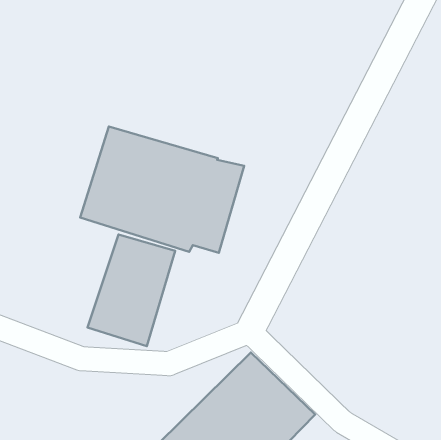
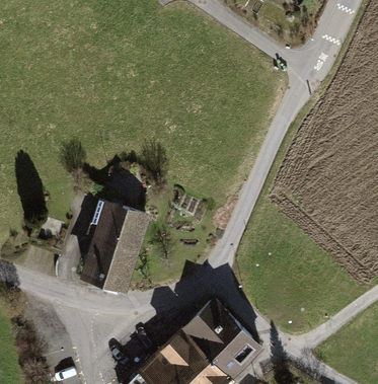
building: [80,127,244,253] -> none

